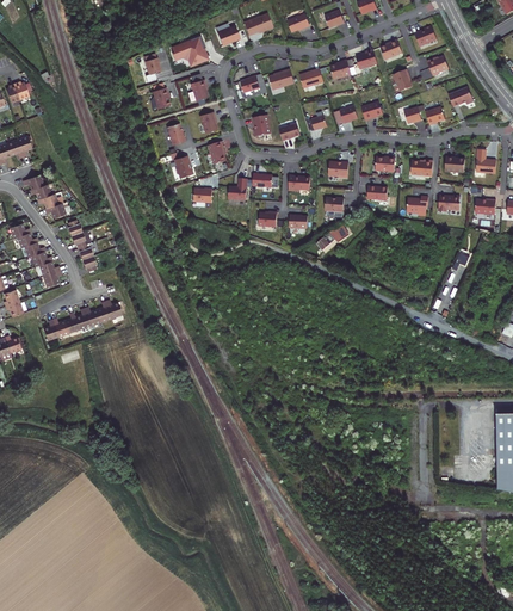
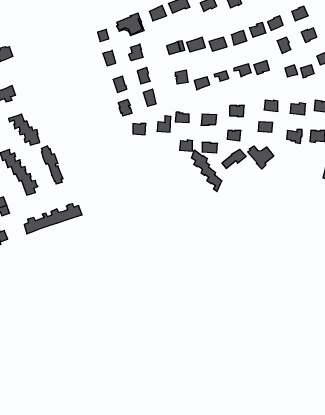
building: none -> [248,146,274,169]
building: none -> [191,150,222,192]

